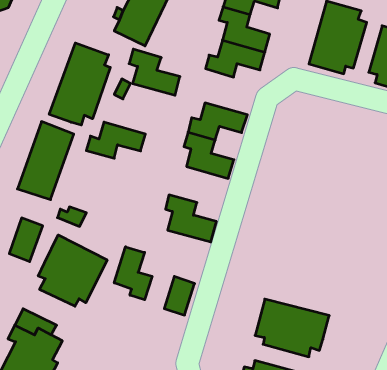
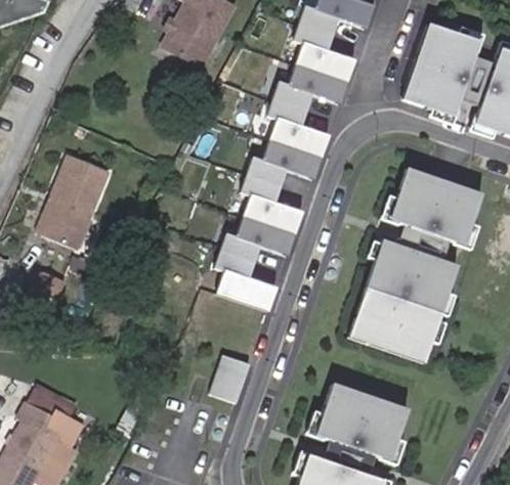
building: [49,43,110,125] -> none
building: [129,49,180,95] -> [269,98,331,158]
building: none -> [389,168,482,247]
building: [86,122,145,158] -> [222,217,296,262]
building: none -> [349,240,458,362]
building: [38,235,107,306] -> none
building: [114,247,152,300] -> none

